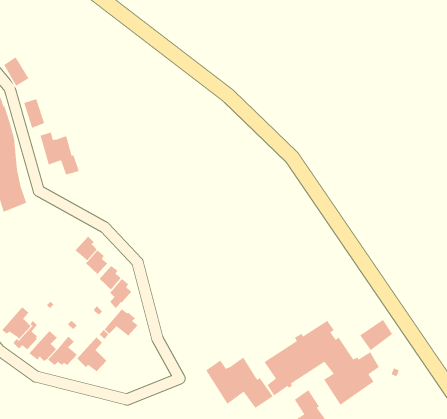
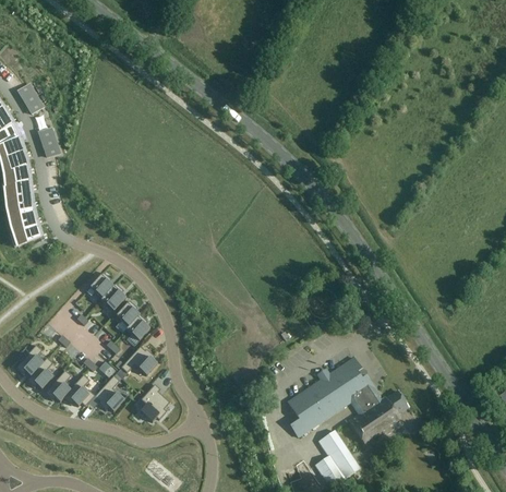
building: [40,131,80,175] -> none
building: [359,319,393,351] -> none
building: none -> [140,384,170,422]
building: [205,356,274,409] -> none

